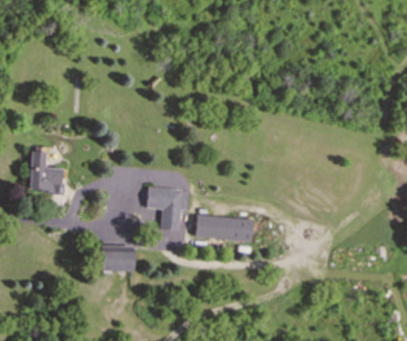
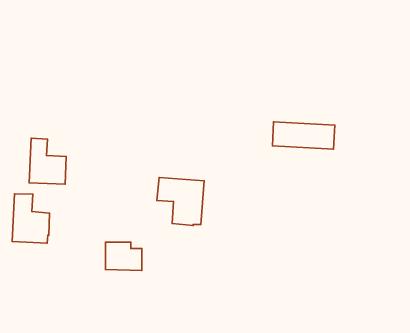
building: none -> [12,194,49,243]
building: [196,216,253,241] -> [272,122,335,149]

